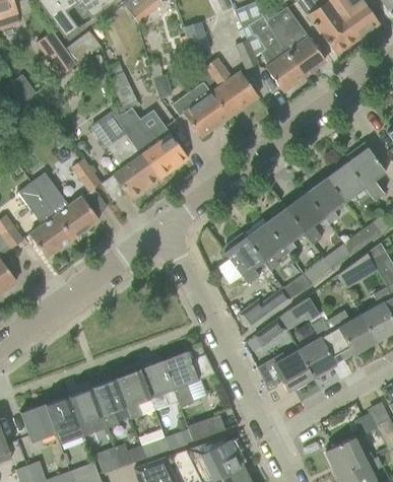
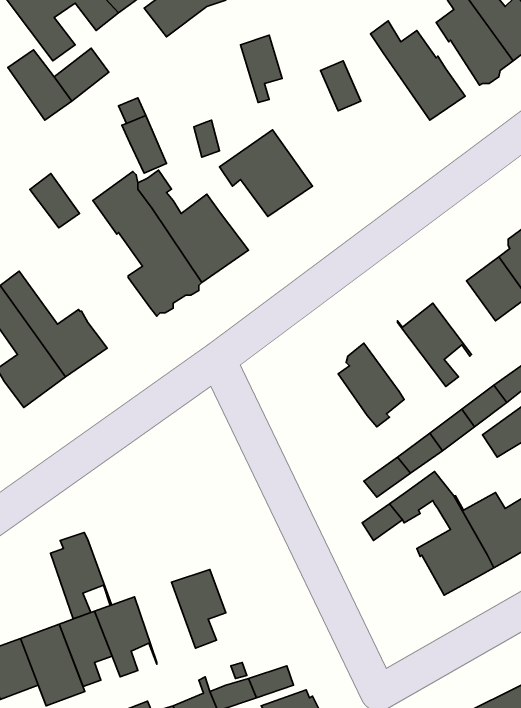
building: [248,16,304,91] -> none
building: [198,59,259,118] -> none
building: [71,158,103,193] -> [30,173,80,228]
building: [306,178,345,224] -> none
building: [262,204,314,253] -> none
building: [223,232,271,282] -> none
building: [165,349,214,407] -> none
building: [257,351,313,391] -> none
building: [117,364,155,419] -> [51,532,112,619]

